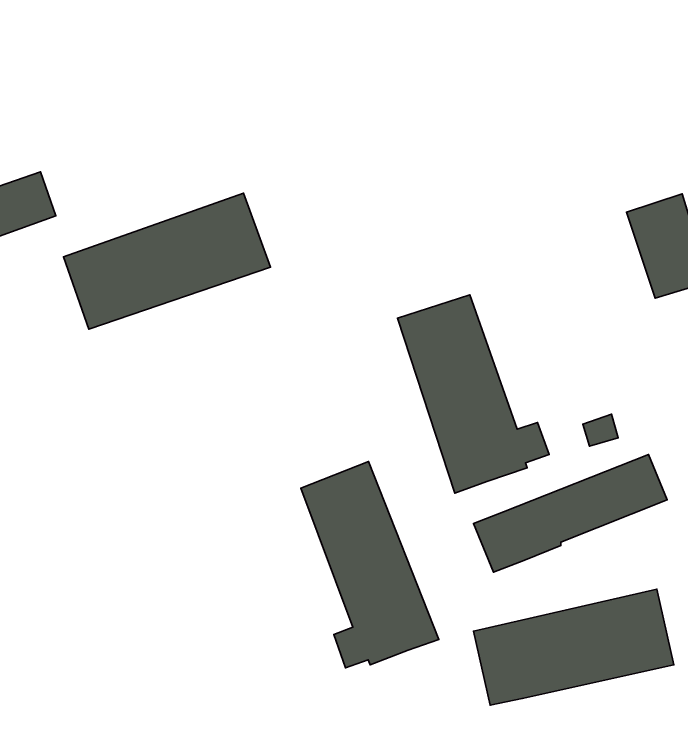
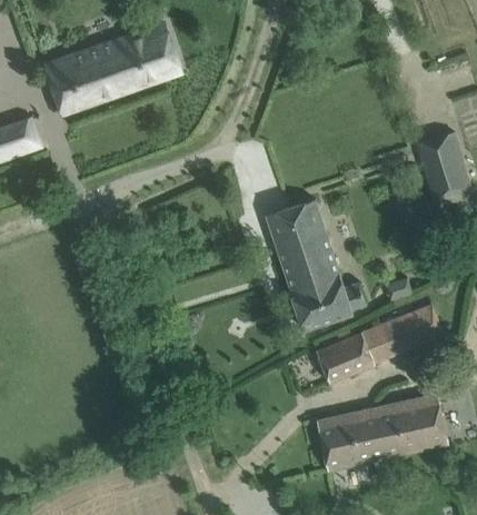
building: [63,193,271,329] -> [44,23,181,113]
building: [301,461,439,668] -> none

